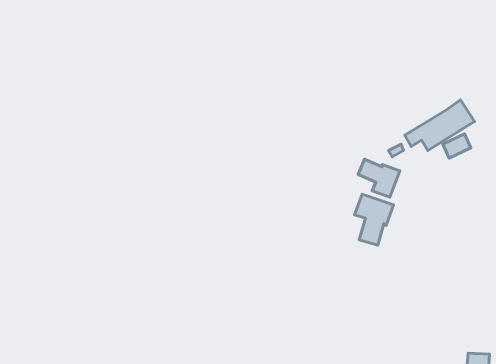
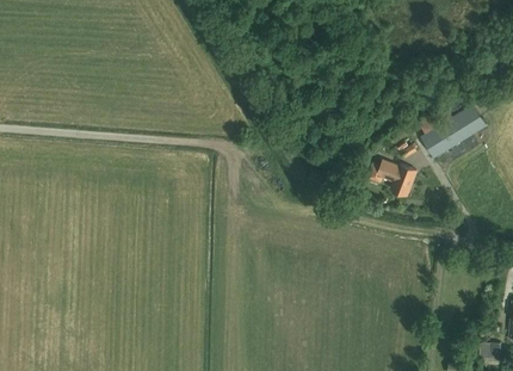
building: [355,194,394,245] -> none

